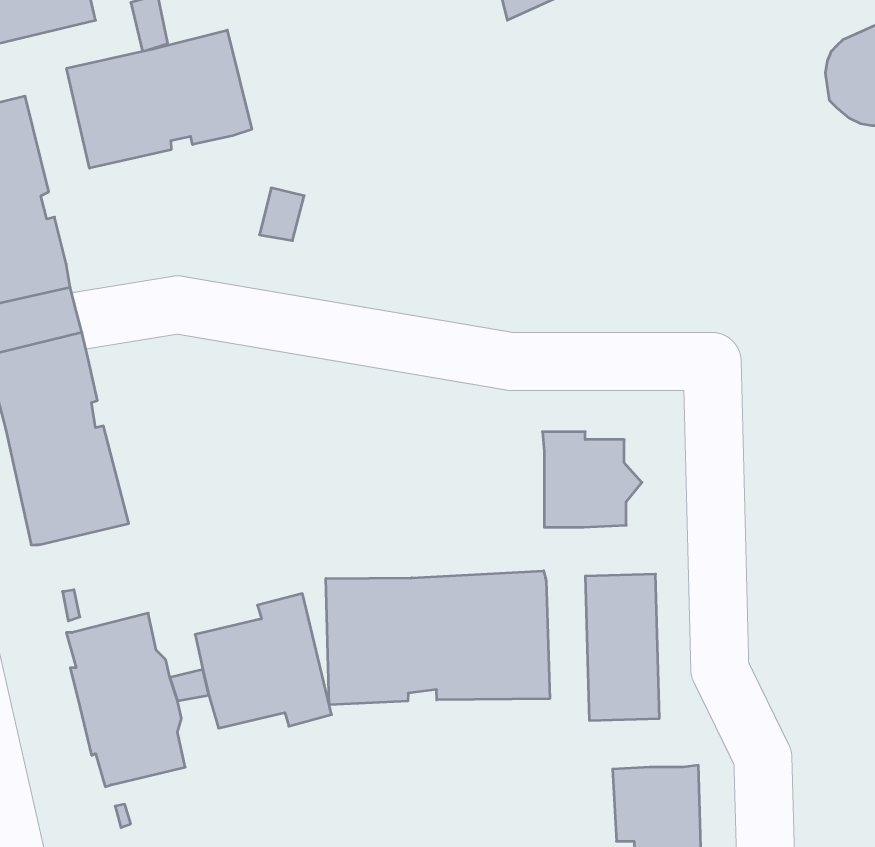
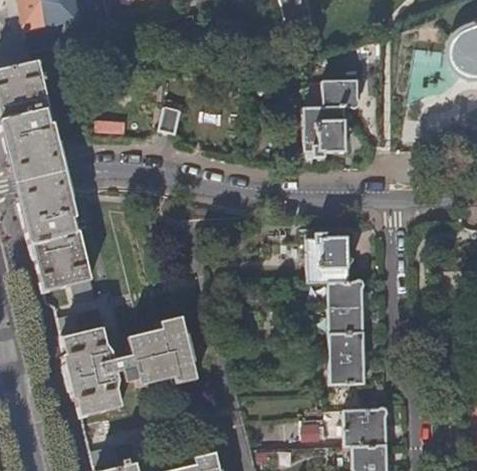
building: [67,30,252,168] -> none
building: none -> [303,80,359,157]
building: none -> [325,280,363,307]
building: [326,571,550,705] -> none

